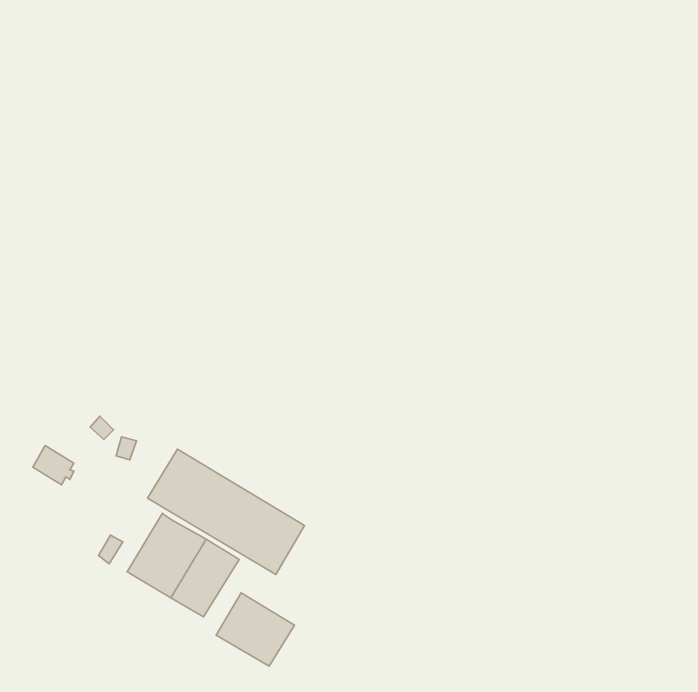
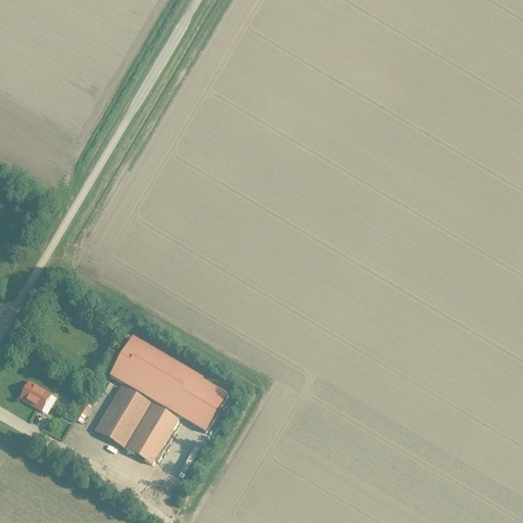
building: [33,445,74,485] -> [20,379,51,409]
building: [216,593,295,666] -> none

